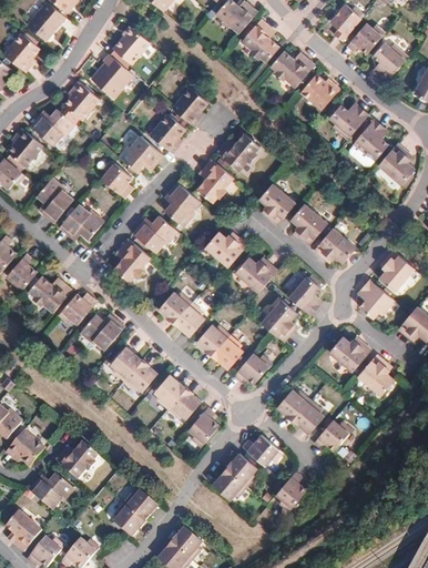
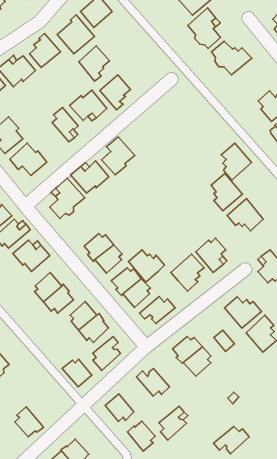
building: [300,75,340,110] -> none
building: [173,85,207,125] -> [79,46,110,81]
building: [216,132,261,171] -> none
building: [196,158,234,204] -> none
building: [259,183,295,225] -> [221,143,251,180]
building: [205,233,247,267] -> none
building: [233,262,274,297] -> [128,250,164,282]
building: [313,422,351,453] -> [214,427,249,454]
building: [224,455,256,488] -> [127,421,155,451]
building: [123,488,157,519] -> [62,359,92,387]

